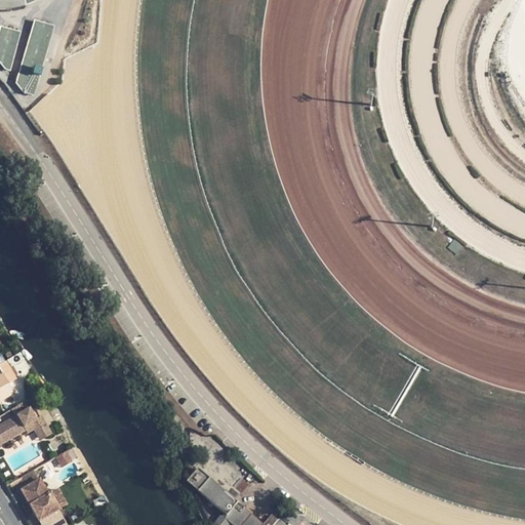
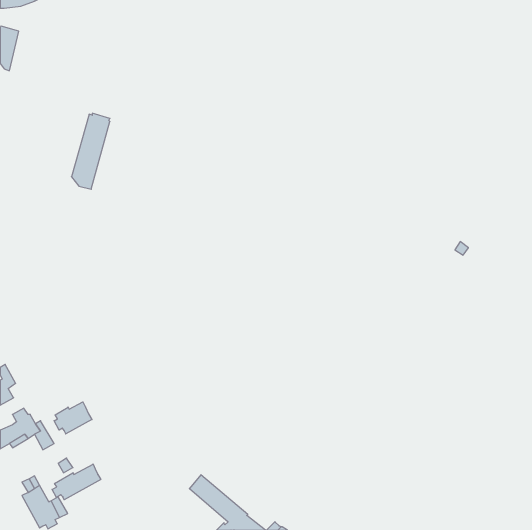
building: [14,19,52,94] -> [71,113,110,189]
building: none -> [54,402,92,434]
building: none -> [52,464,101,500]

